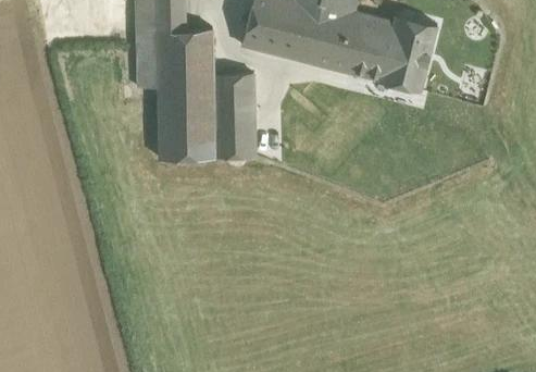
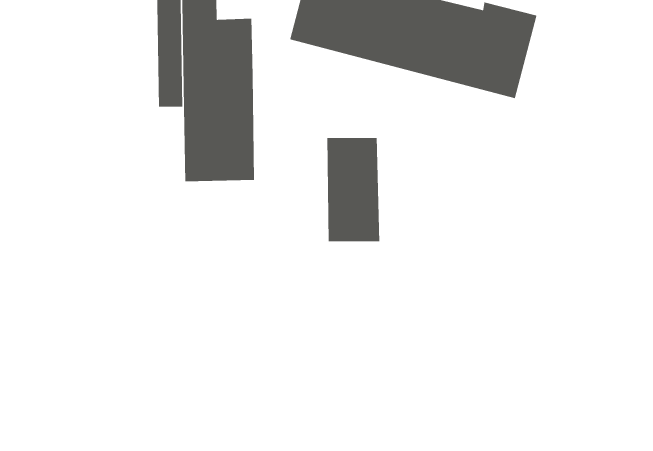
building: [213,74,255,157] -> [326,137,380,242]

